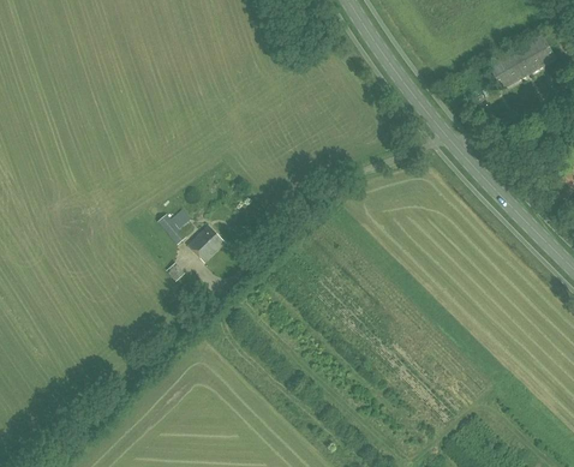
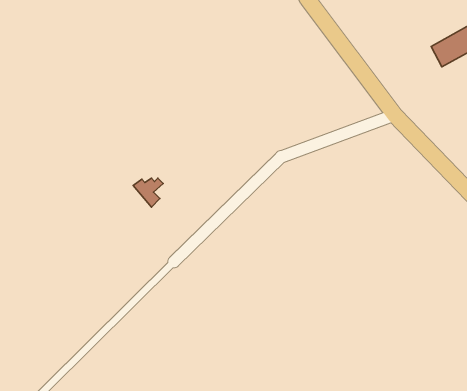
building: [187,223,225,261] -> none

